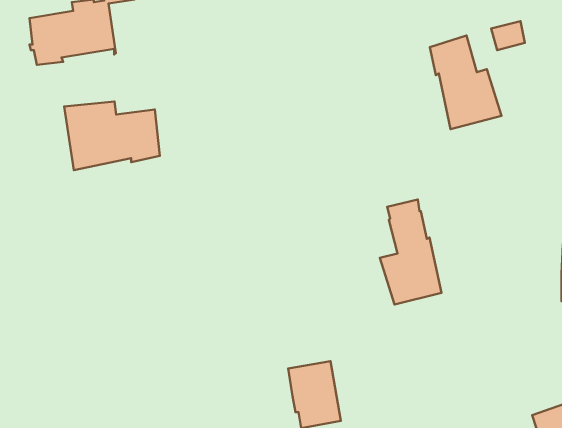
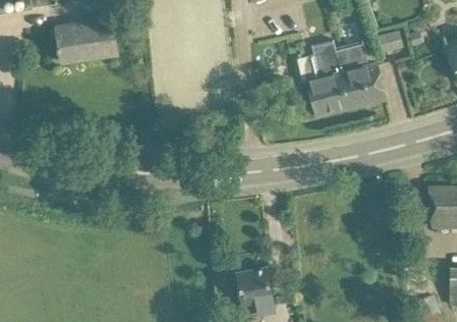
building: [64,102,160,170] -> none
building: [380,200,441,305] -> [307,41,350,114]

